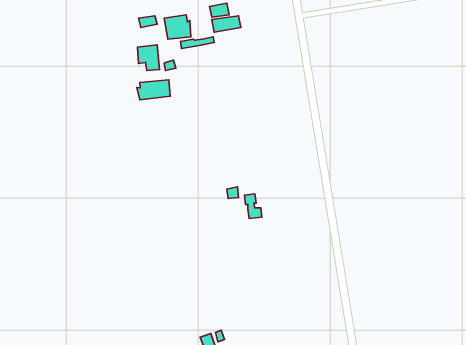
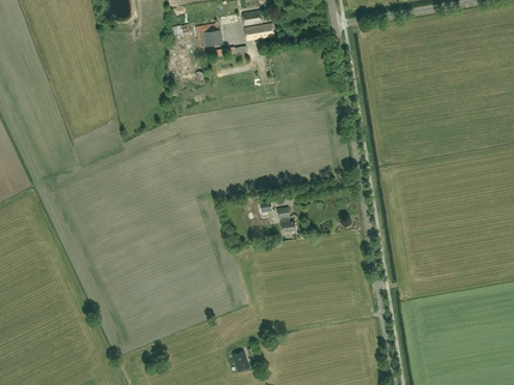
building: [137,80,170,100] -> none

